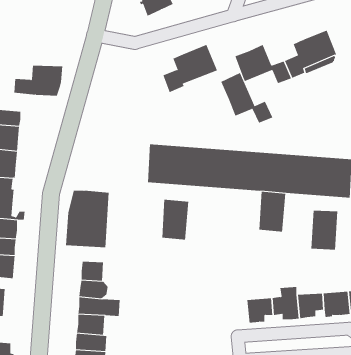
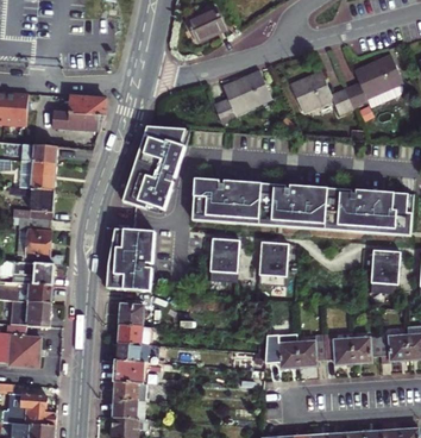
building: [220,72,273,124] -> none
building: none -> [119,126,184,209]
building: [259,191,286,232] -> [257,242,287,286]
building: none -> [268,336,302,374]

